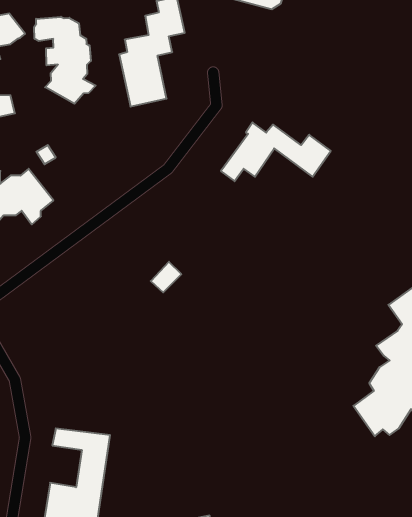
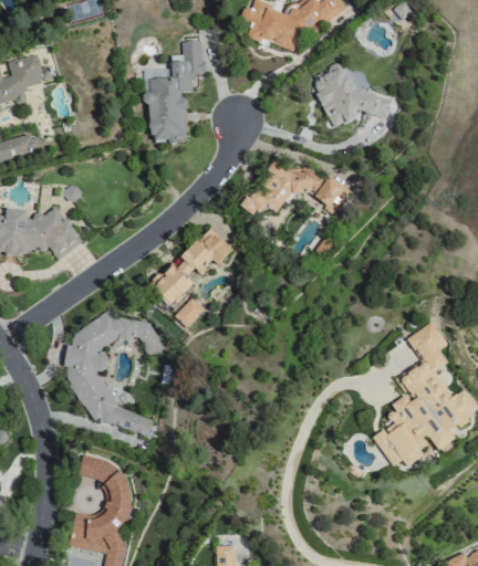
building: [34,17,96,104] -> none
building: none -> [314,61,393,128]
building: none -> [149,227,232,305]
building: none -> [62,311,157,434]

